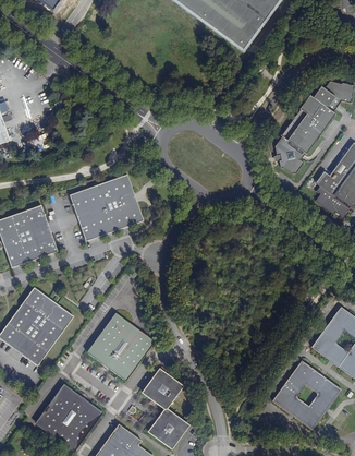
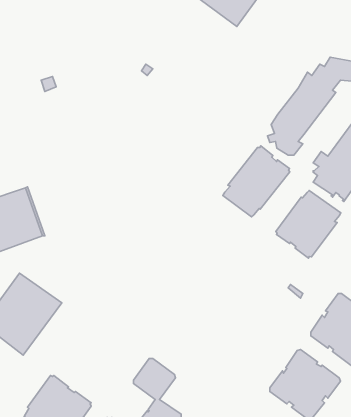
building: none -> [223,146,290,217]
building: [70,173,144,240] -> none
building: none -> [276,190,341,258]
building: [89,313,155,380] -> none

